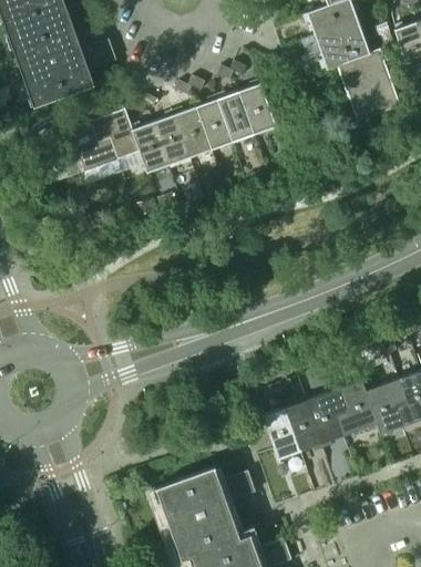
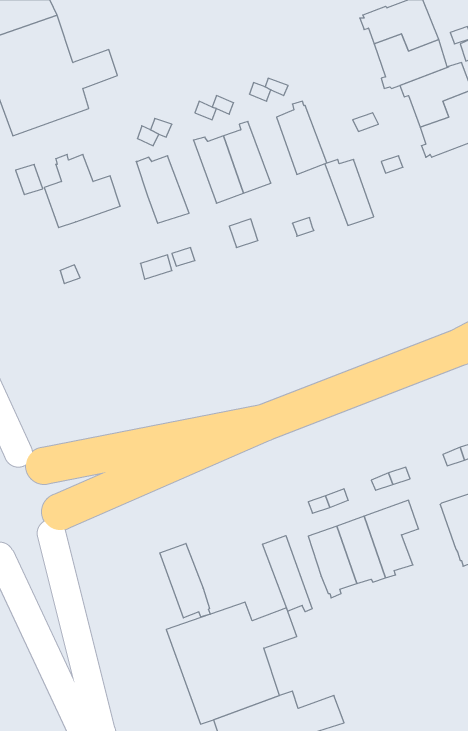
building: [217,92,255,143] -> [325,159,374,225]
building: [90,104,140,161] -> none
building: [155,110,193,166] -> none
building: [336,380,379,437] -> none
building: none -> [263,536,312,612]
building: none -> [160,543,210,618]

